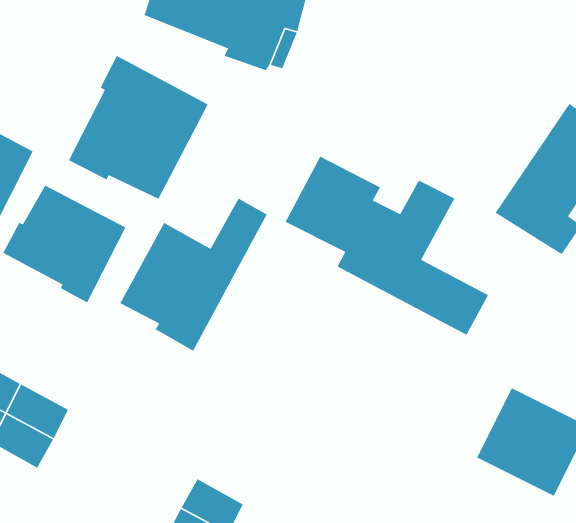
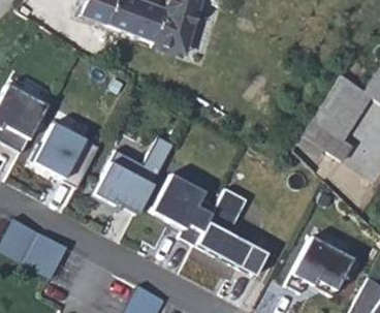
building: [68,55,209,200] -> none
building: [285,155,489,336] -> [151,175,264,275]

